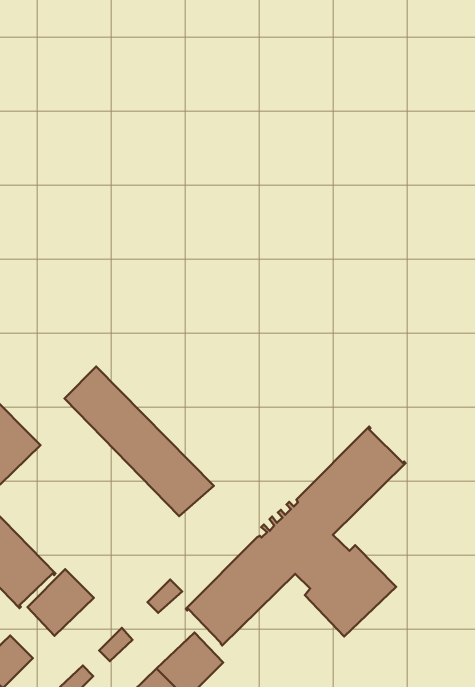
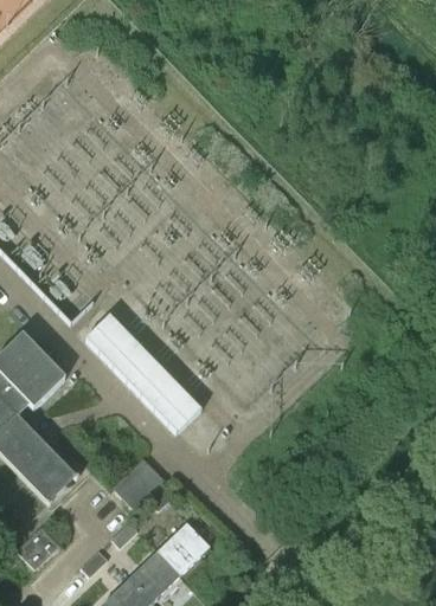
building: [186,427,406,645] -> none
building: [27,569,94,636] -> [114,457,166,509]

